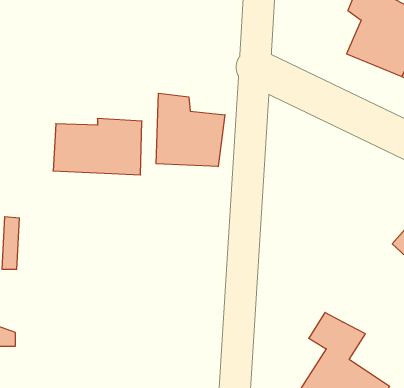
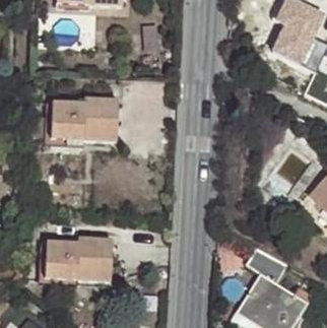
building: [156,93,225,167] -> none
building: none -> [45,237,112,280]

